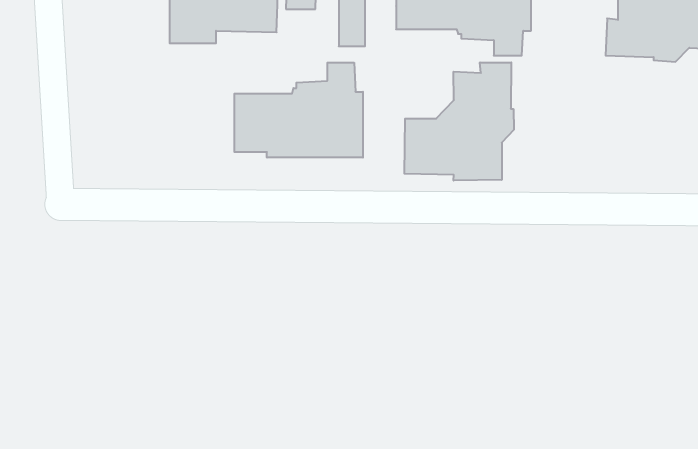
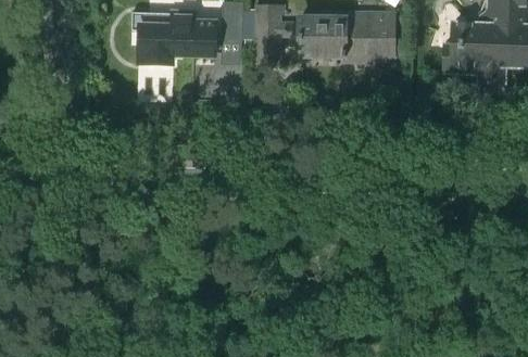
building: [404,62,514,181] -> none
building: [234,63,363,158] -> none

